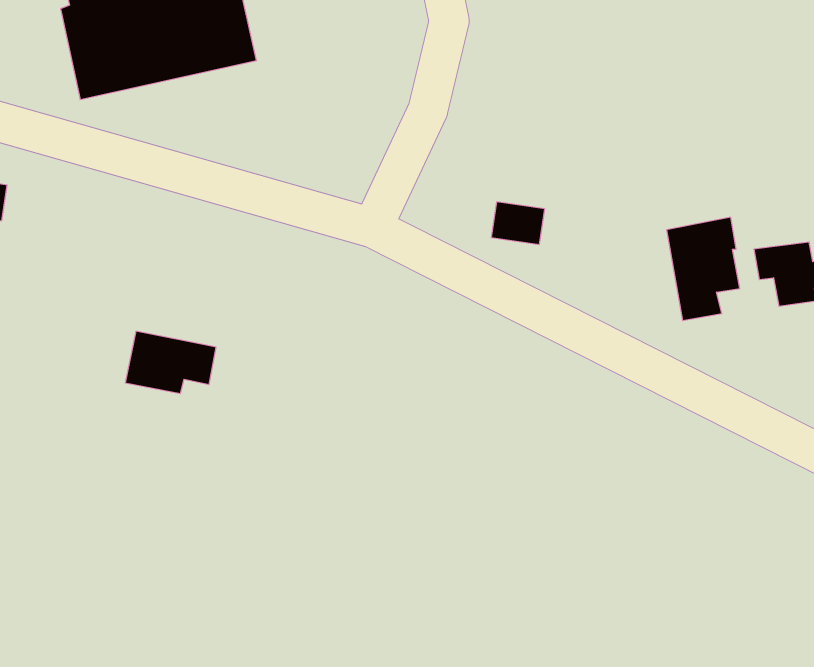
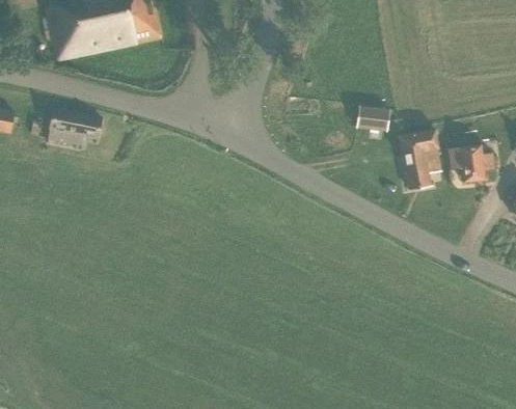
building: [491,202,545,245] -> [357,106,388,131]
building: [125,331,216,394] -> [50,109,103,145]

